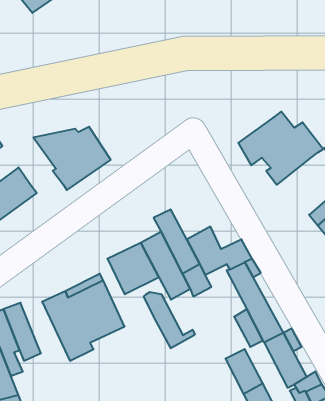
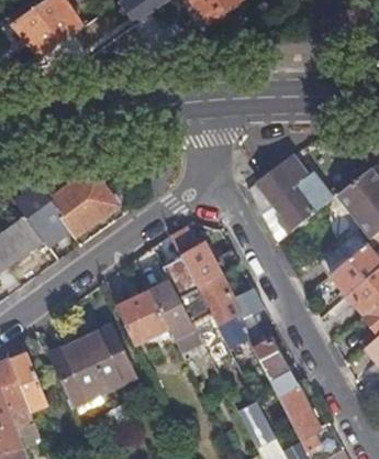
building: none -> [14,184,63,233]
building: [144,292,195,348] -> [169,231,222,288]

